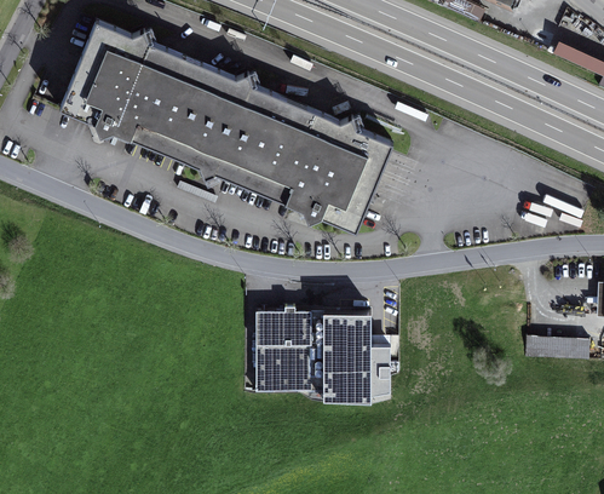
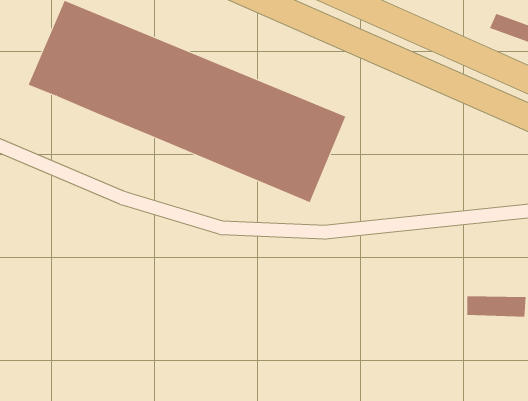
building: [255,309,312,394] -> none
building: [322,314,390,403] -> none

